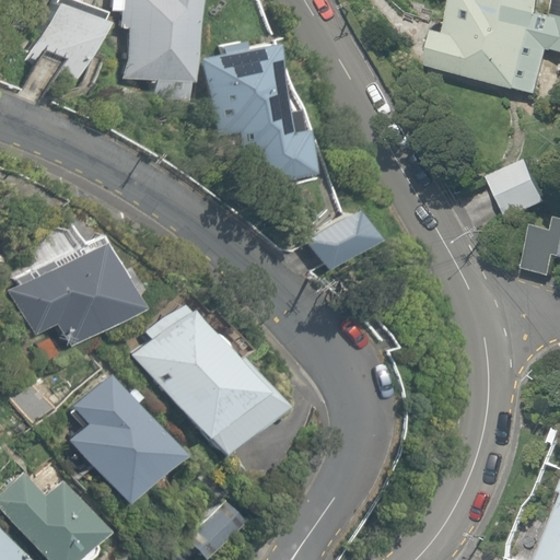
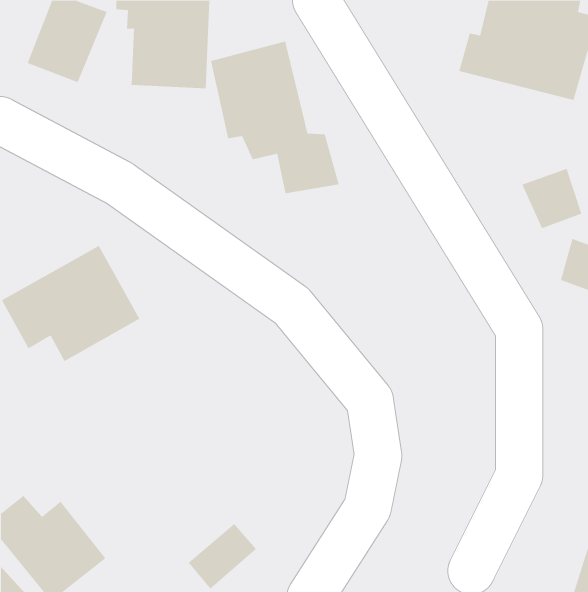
building: [307,206,373,270] -> none
building: [127,299,283,459] -> none
building: [69,370,184,504] -> none

